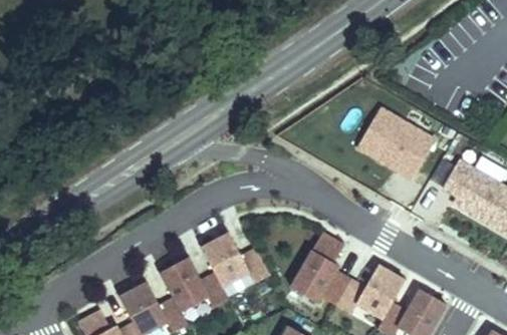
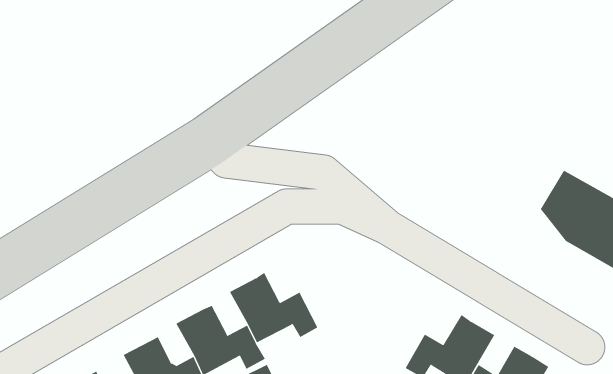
building: [347,101,437,181] -> none
building: [290,232,350,305] -> none

